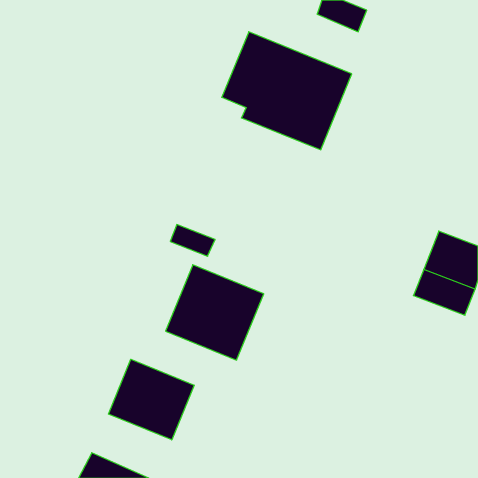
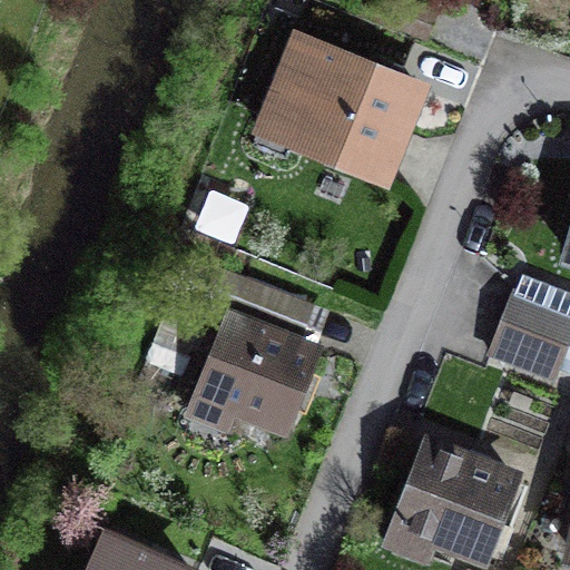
building: [108,359,194,440] -> none
building: none -> [397,444,514,556]

